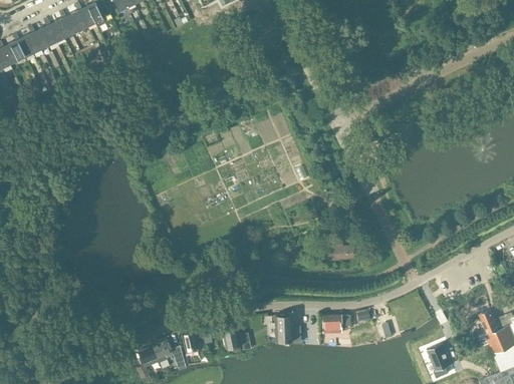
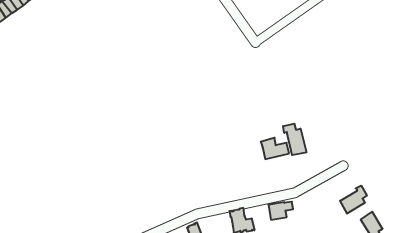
building: none -> [283,124,306,155]
building: none -> [340,186,367,214]

